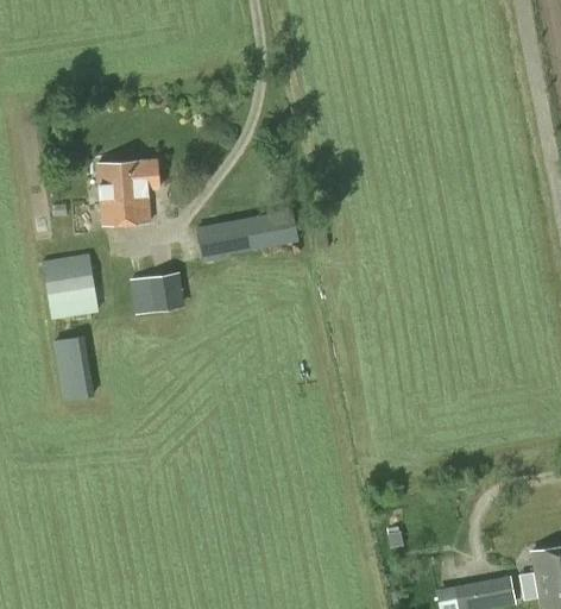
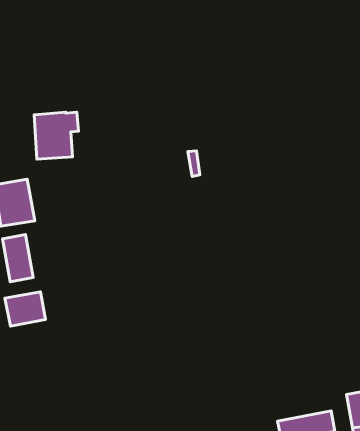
building: [196,207,311,264] -> none
building: [128,272,184,314] -> none
building: none -> [5,292,45,326]

